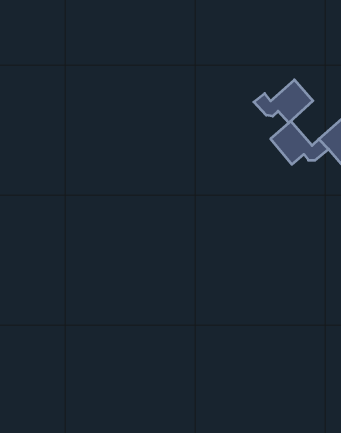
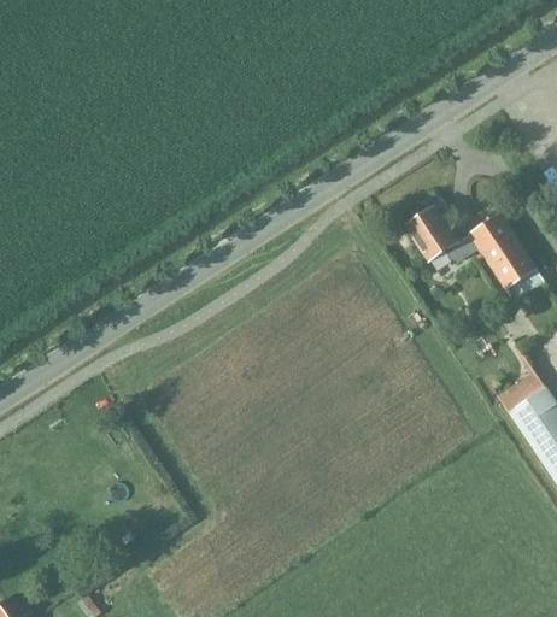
building: [254,80,313,123] -> none

